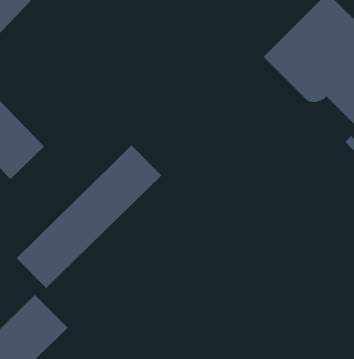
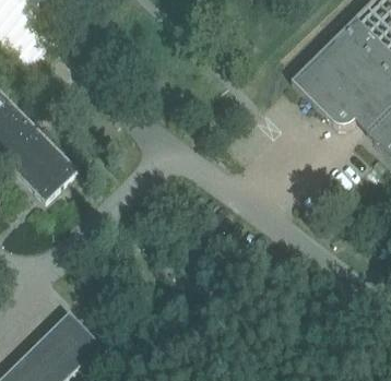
building: [16,145,162,289] -> none

